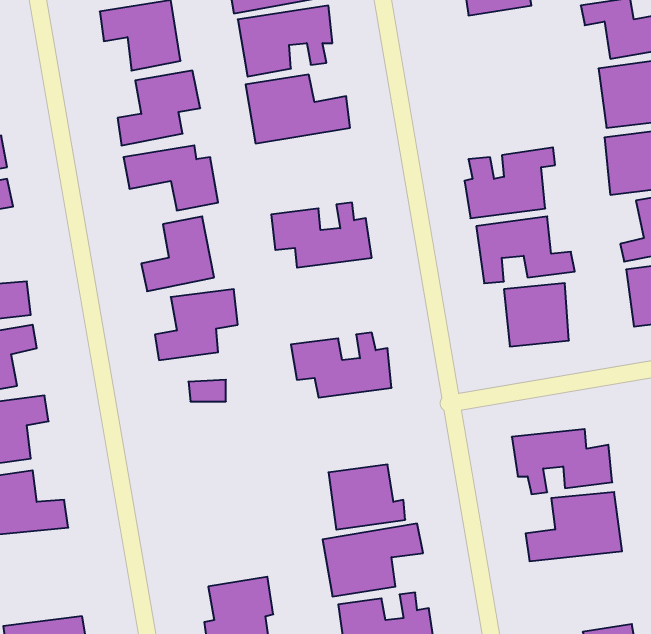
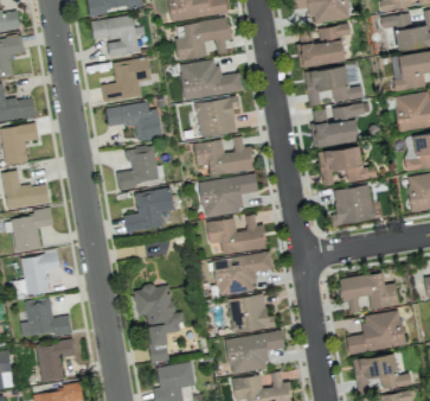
building: none -> [297,24,351,66]
building: none -> [304,65,364,106]
building: none -> [195,97,239,138]
building: none -> [199,173,258,218]
building: none -> [213,253,272,295]
building: none -> [133,284,181,363]
building: none -> [37,342,76,382]
building: none -> [353,352,412,389]

